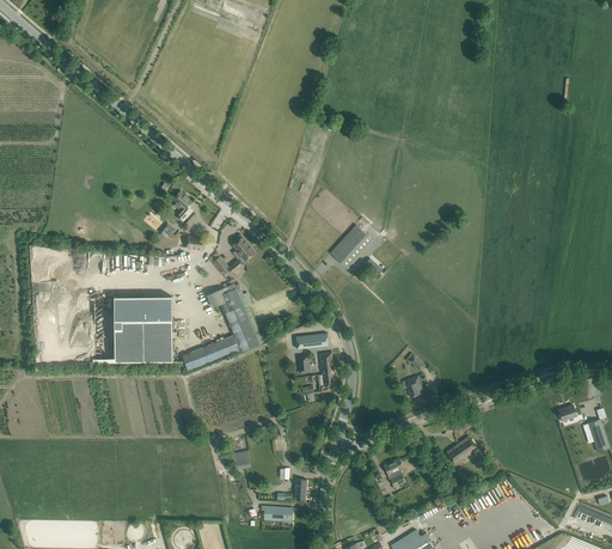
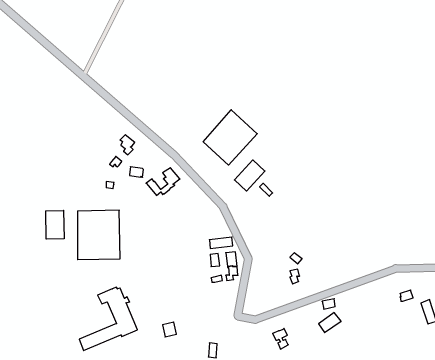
building: none -> [203,110,257,165]
building: [182,283,262,371] -> [79,287,137,351]
building: none -> [46,210,64,239]

